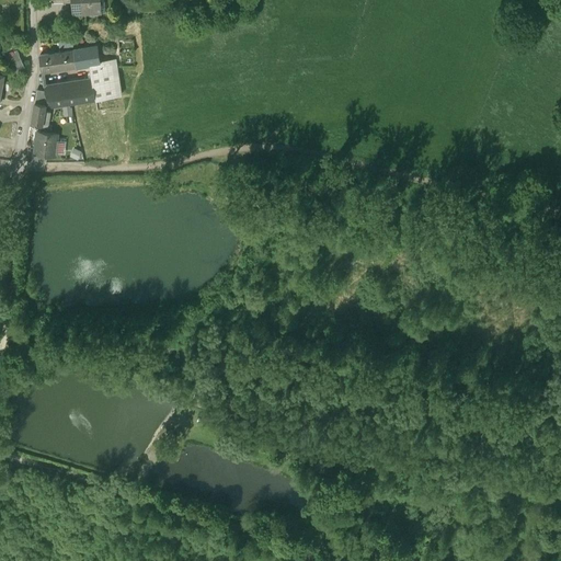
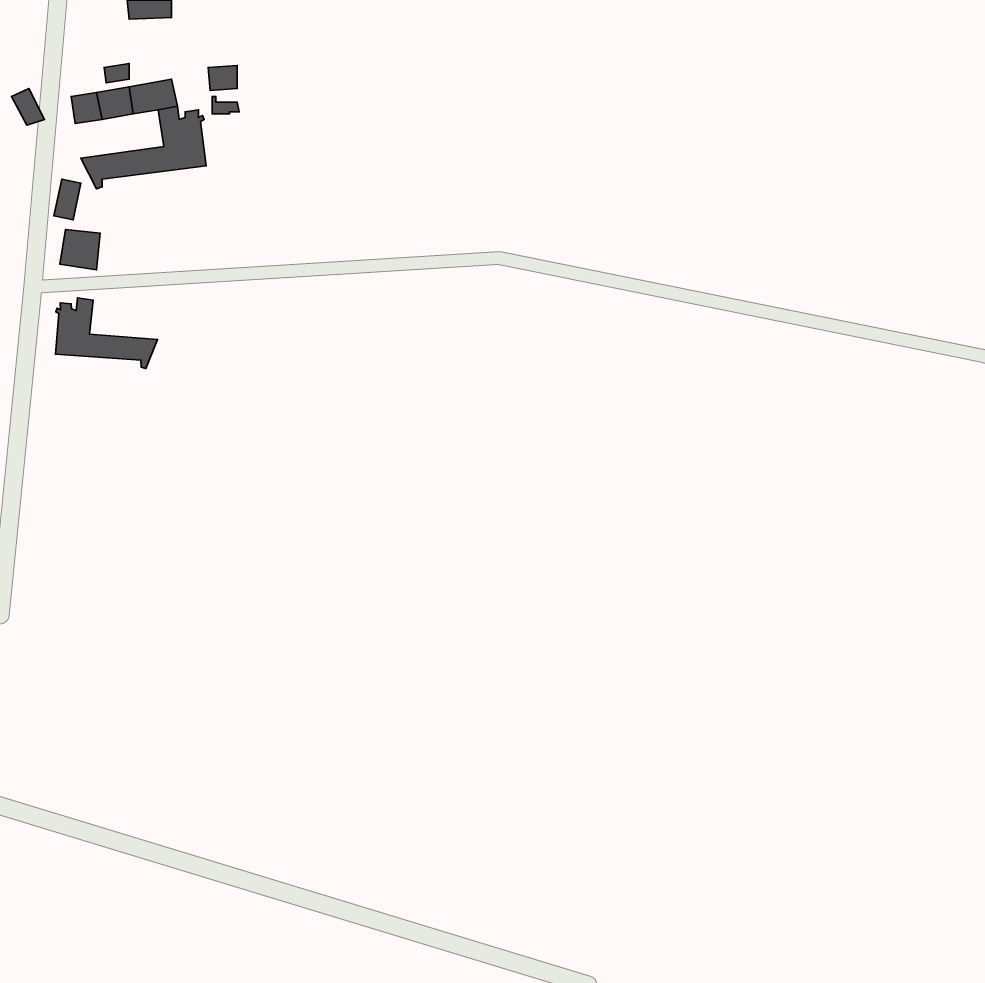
building: none -> [55,298,158,369]

